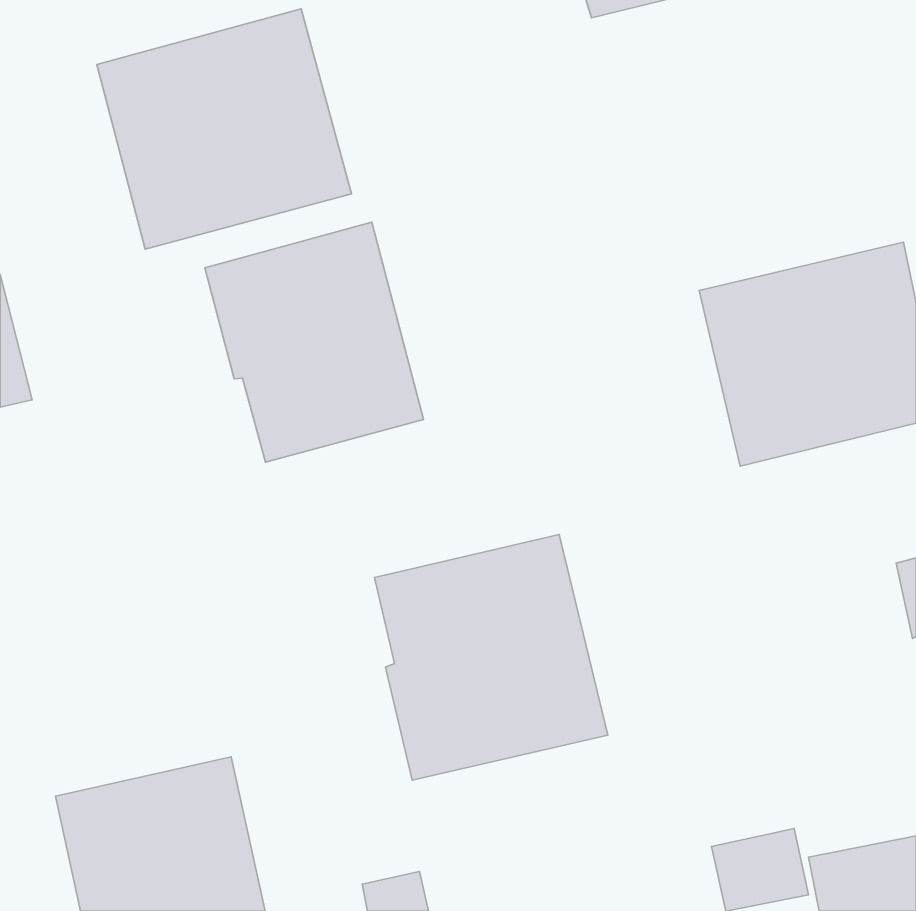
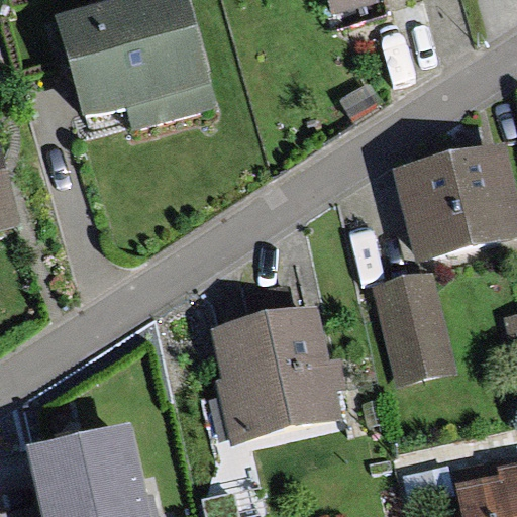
building: [205,222,424,462] -> none
building: none -> [374,270,456,385]

